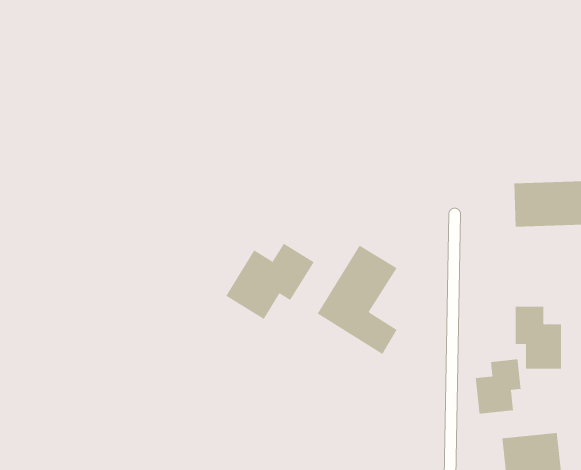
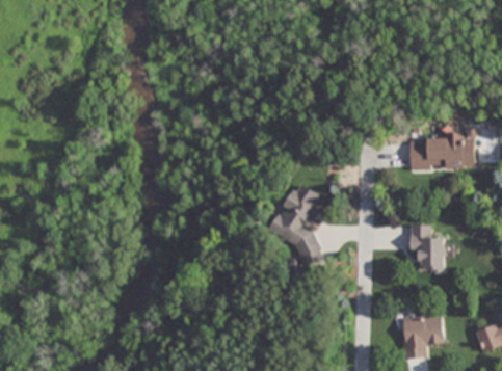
building: [225,243,314,320] -> none
building: [475,359,521,414] -> none

